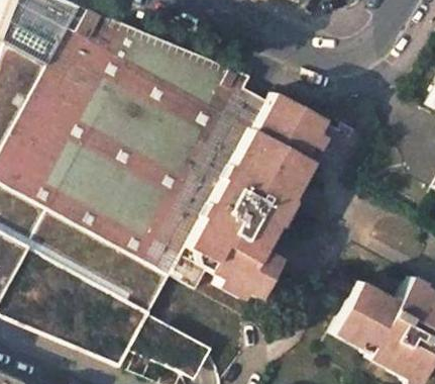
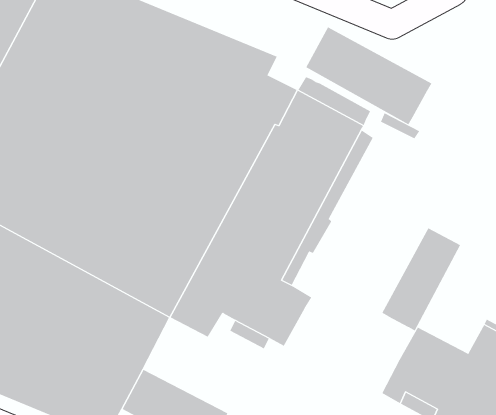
building: none -> [306,27,432,125]
building: none -> [382,228,461,331]

